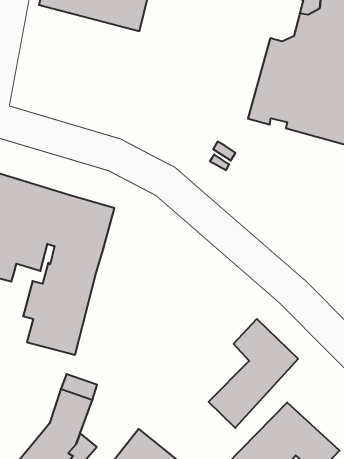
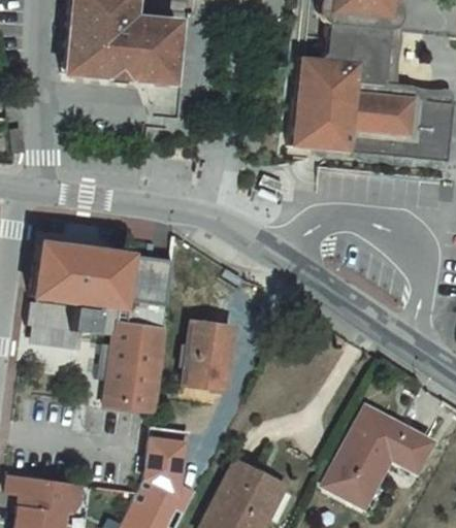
building: none -> [184,326,233,391]
building: [209,319,298,428] -> none

